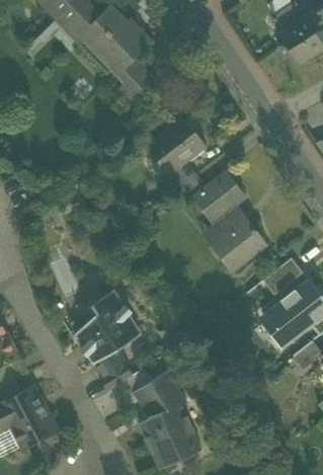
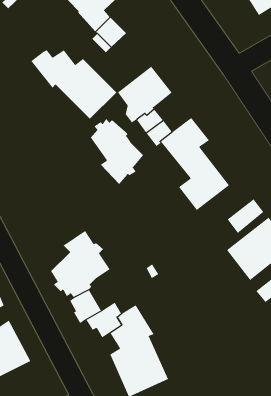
building: none -> [30,49,117,119]
building: none -> [90,118,144,185]

